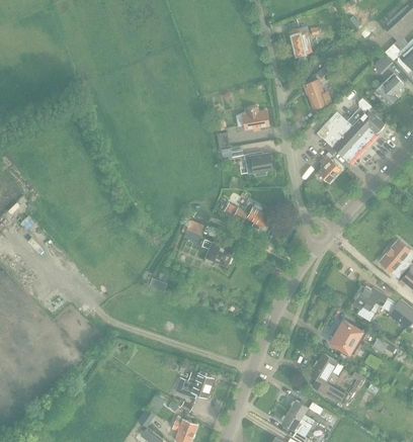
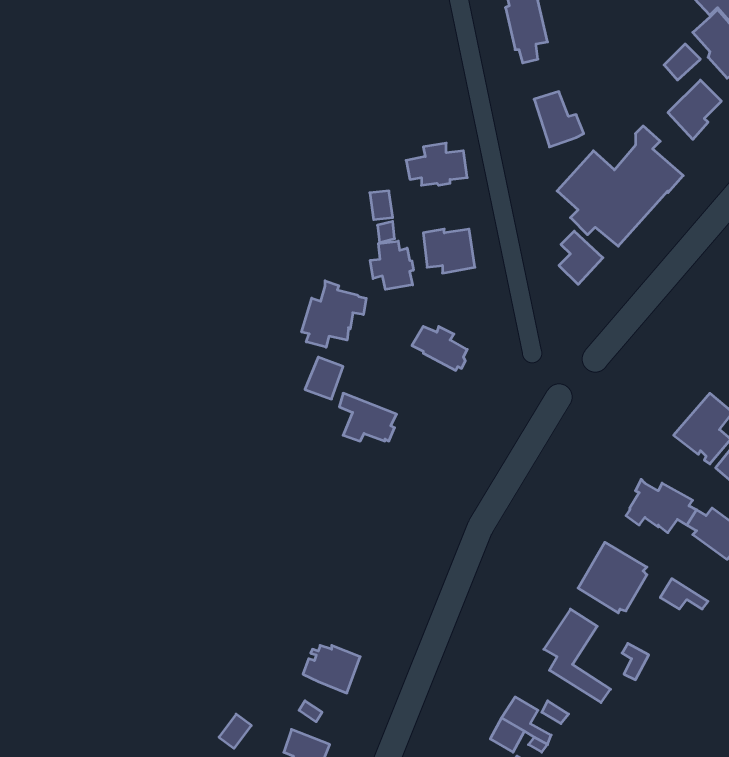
building: none -> [370,241,413,289]
building: none -> [302,281,366,347]

